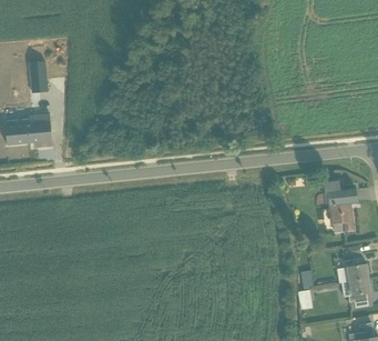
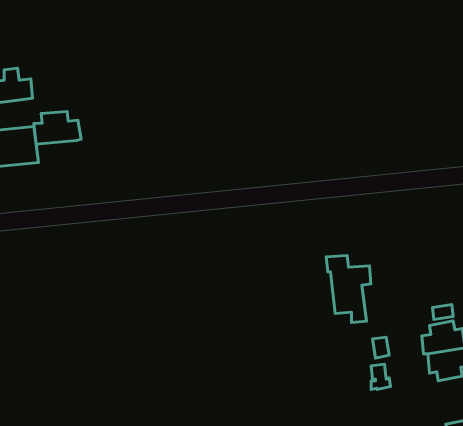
building: none -> [34,112,81,144]
building: [324,182,357,232] -> [326,255,371,323]

